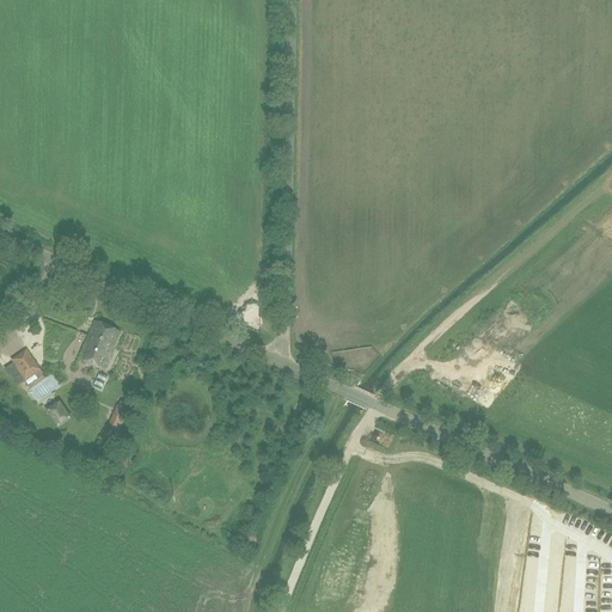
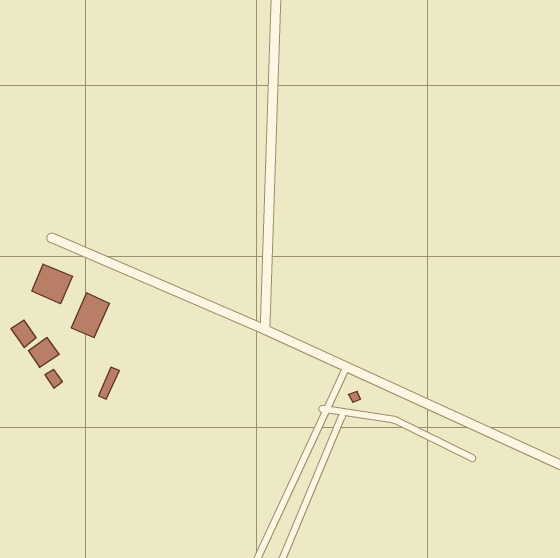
building: none -> [32,264,72,304]

